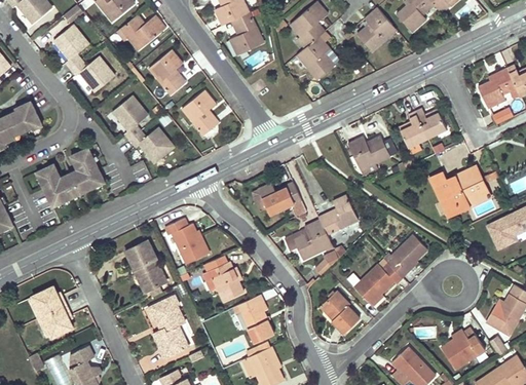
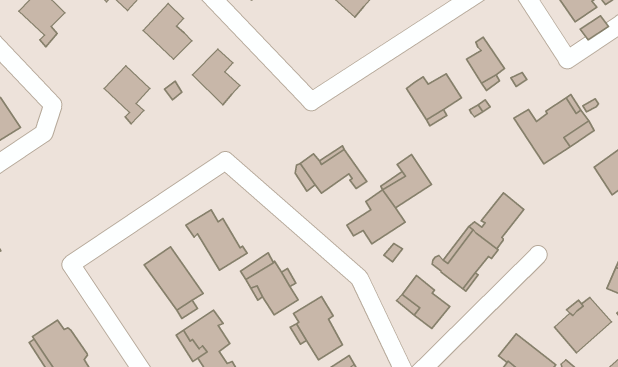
building: [71,56,115,92] -> none
building: [415,107,448,137] -> none
building: [129,126,175,162] -> none
building: [37,146,104,204] -> none

